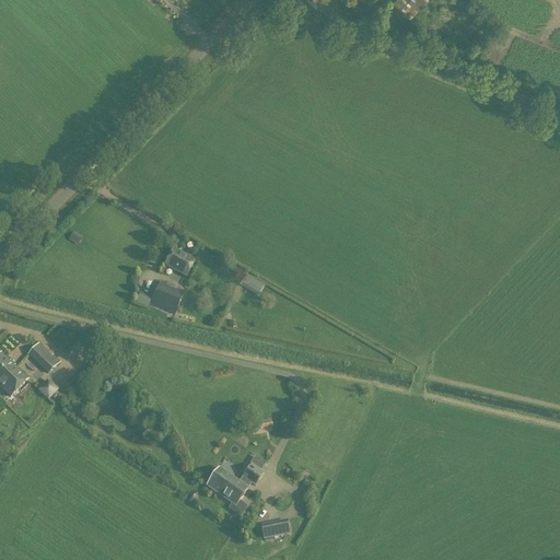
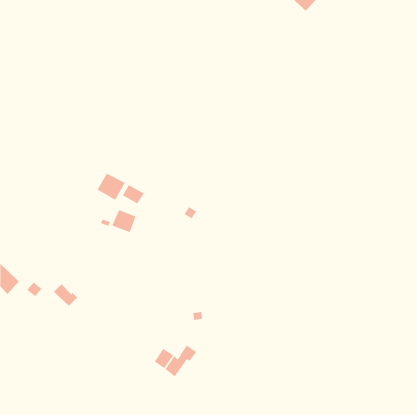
building: none -> [97,173,126,201]
building: [26,340,59,371] -> [53,284,78,306]
building: [259,516,289,537] -> none

